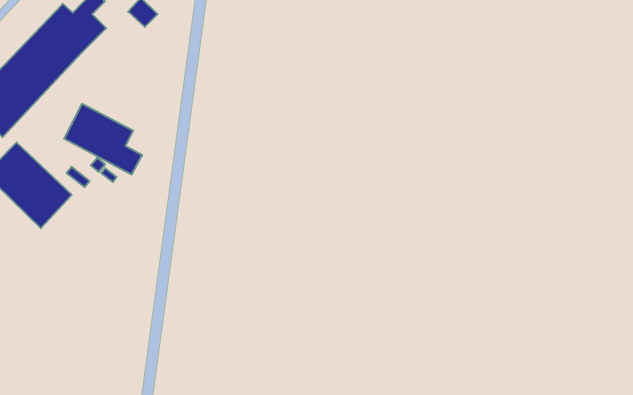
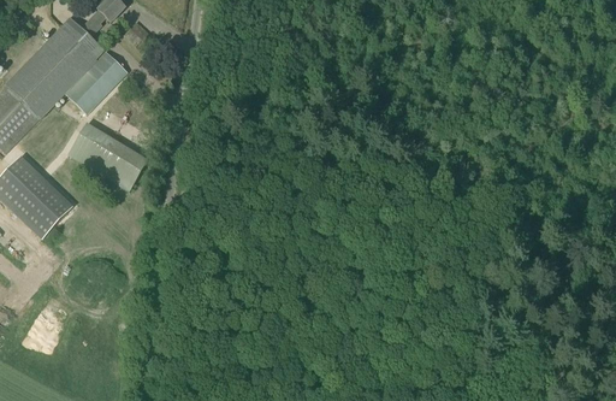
building: none -> [65,51,126,113]

